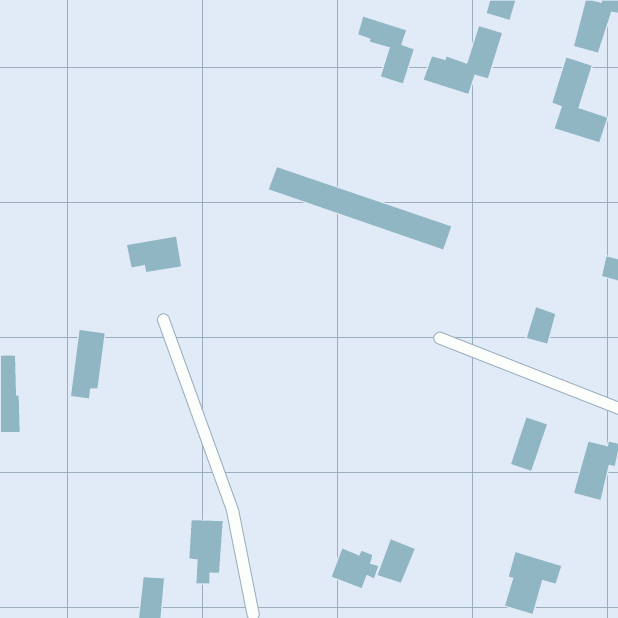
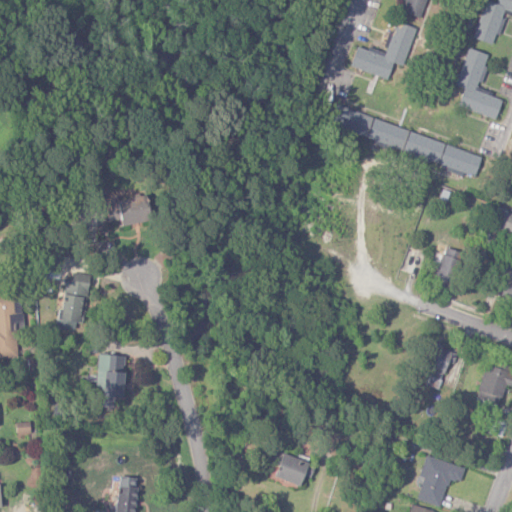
building: [358,16,414,84] -> none
building: [268,167,452,250] -> [330,107,482,176]
building: [188,520,224,584] -> [96,355,125,408]
building: [377,538,415,584] -> none

